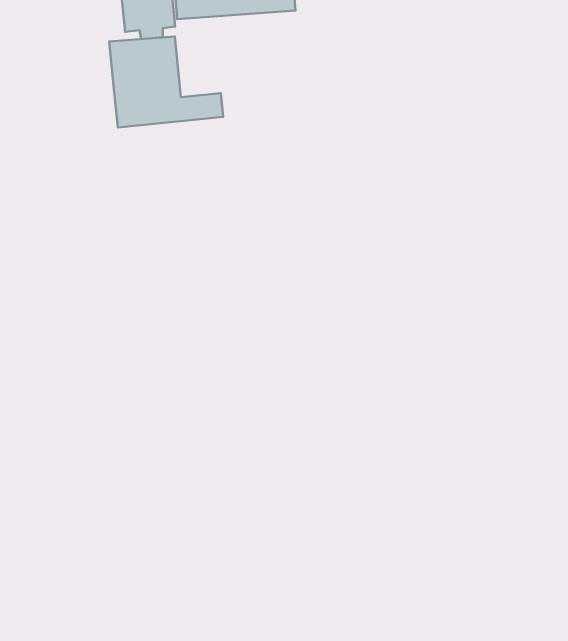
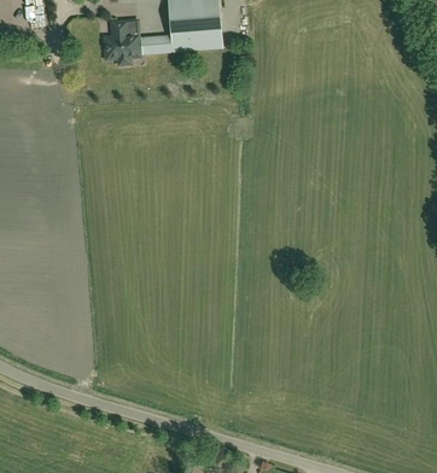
building: [109,36,223,128] -> none

